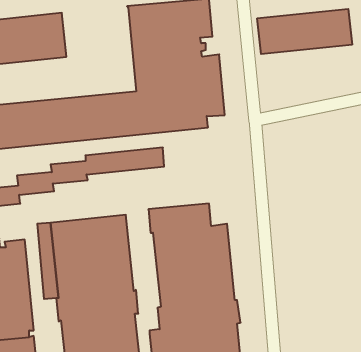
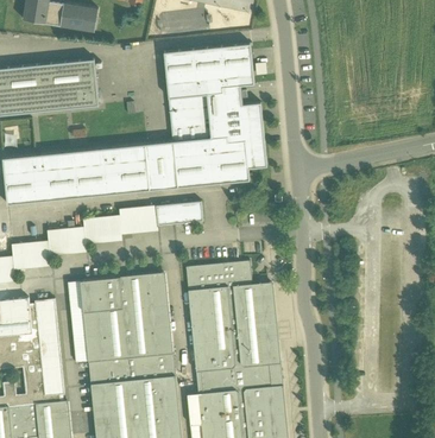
building: [257,9,352,54] -> none

